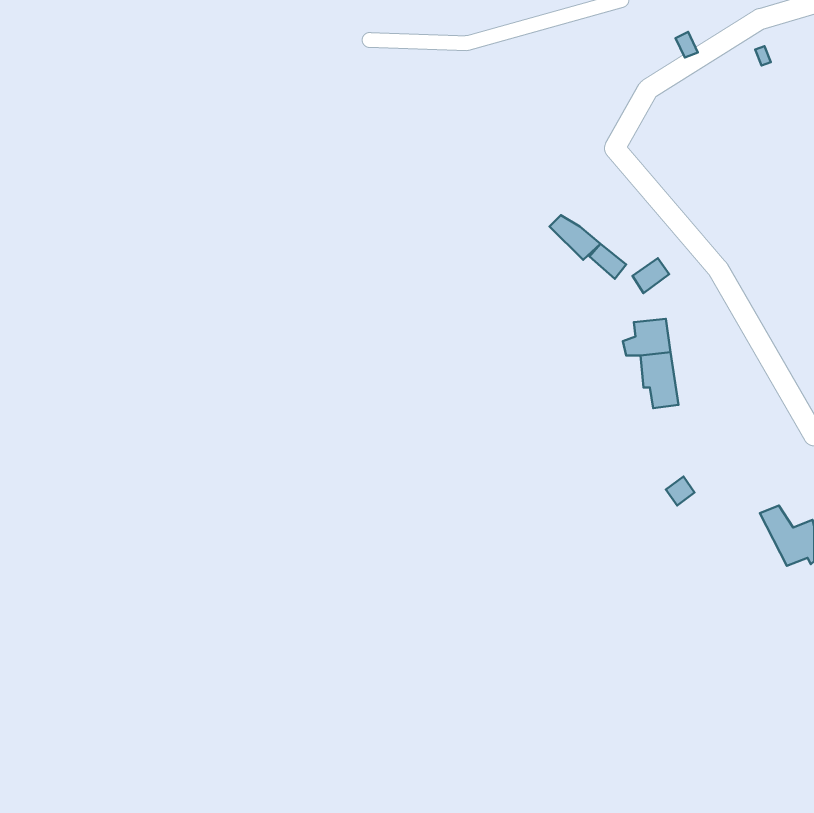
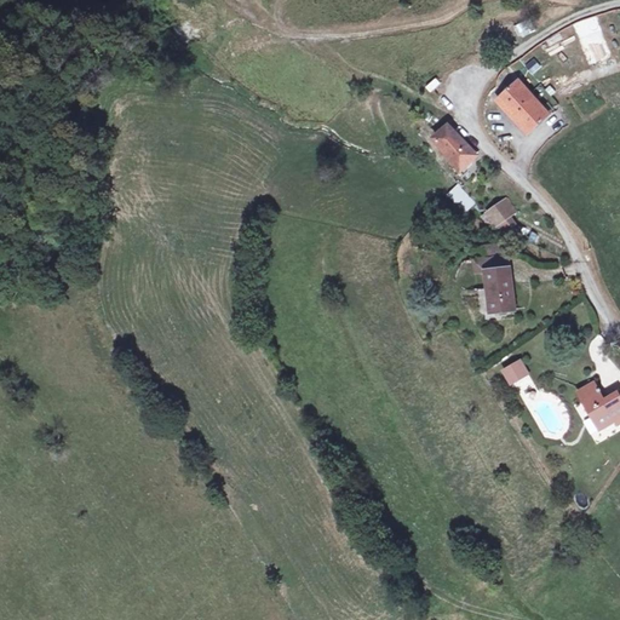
building: none -> [500,82,545,131]
building: [550,215,601,260] -> [436,132,475,166]

